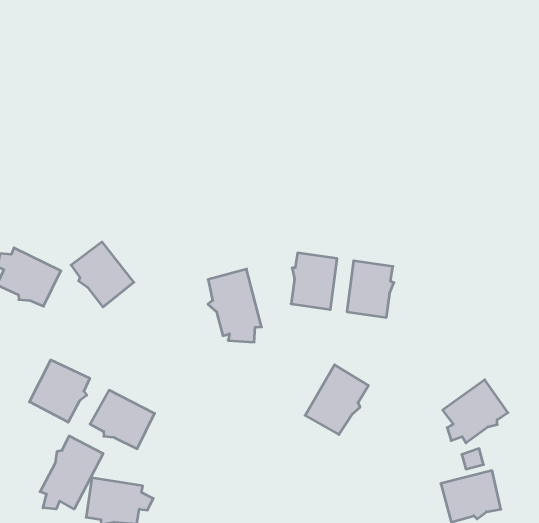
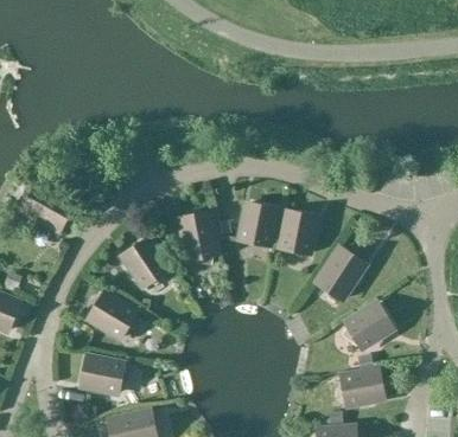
building: [71,242,134,307] -> [122,239,167,287]
building: [29,360,90,422] -> none
building: [305,365,368,435] -> [317,248,364,298]
building: [40,436,103,509] -> none

